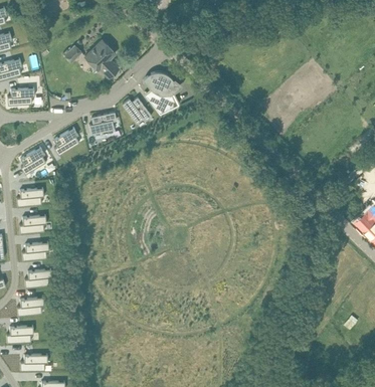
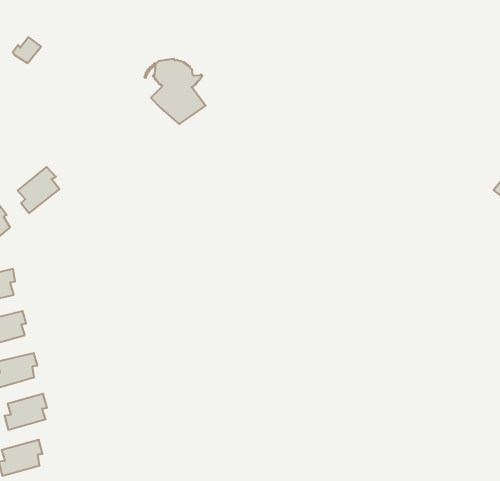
building: [84,38,118,76] -> none
building: [122,96,151,122] -> none
building: [89,111,116,133] -> none

